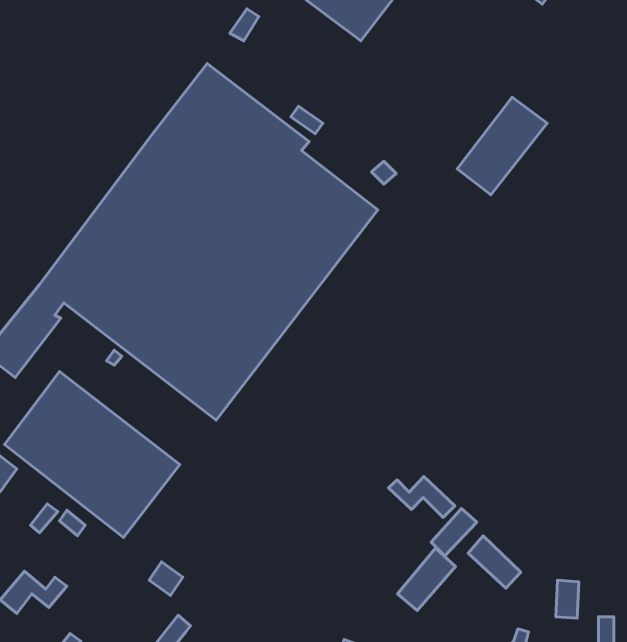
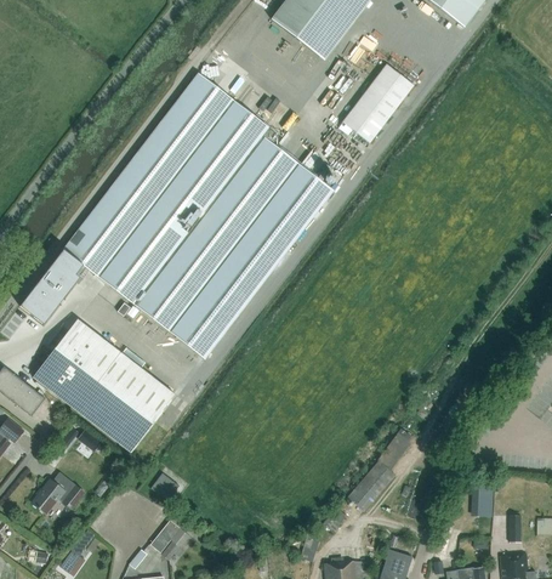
building: [457,97,547,195] -> [342,64,414,142]
building: [388,476,455,518] -> none
building: [468,536,521,588] -> none

